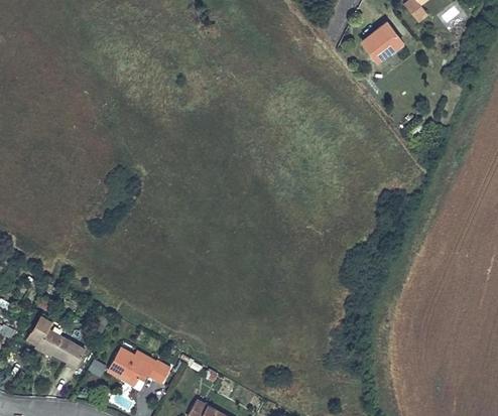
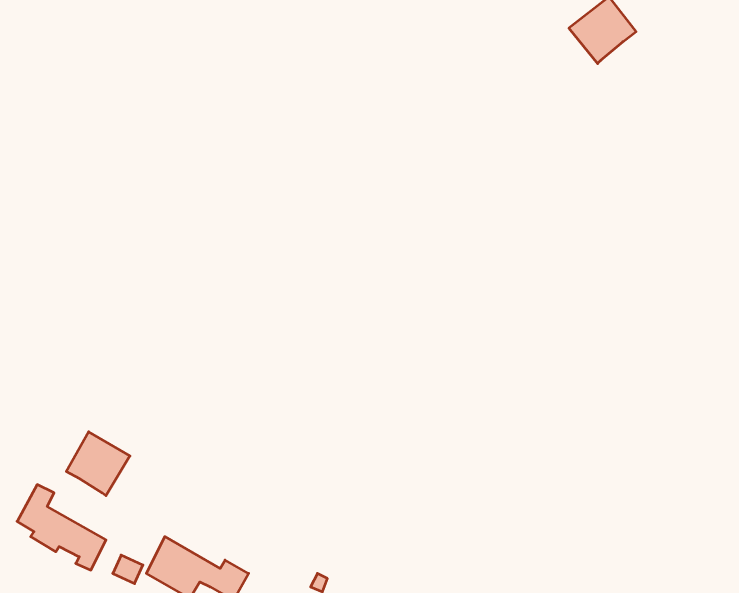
building: none -> [66,432,130,496]

